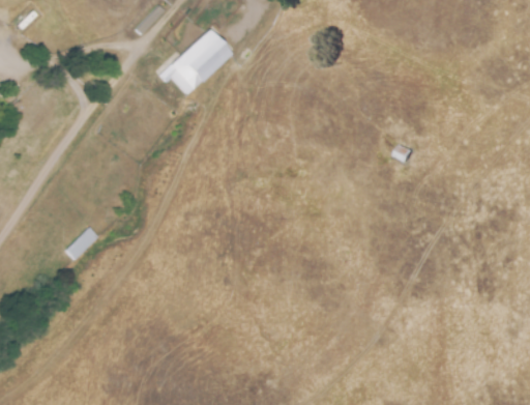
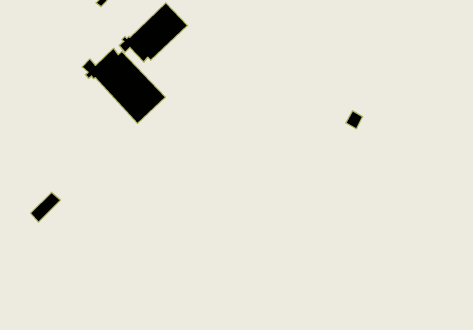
building: none -> [82,48,165,123]

